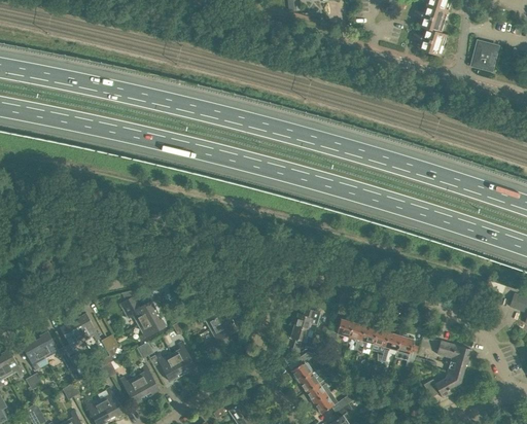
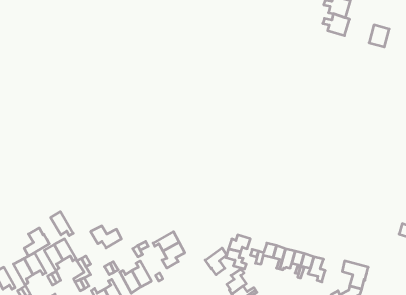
building: none -> [51,212,73,236]
building: none -> [24,228,49,256]
building: [137,313,166,341] -> none
building: none -> [205,248,227,275]

